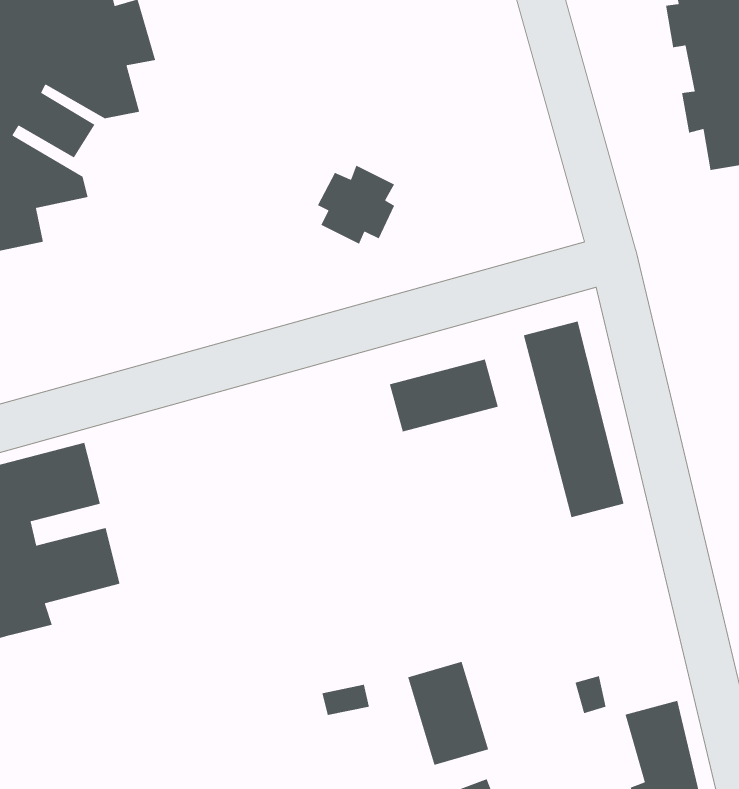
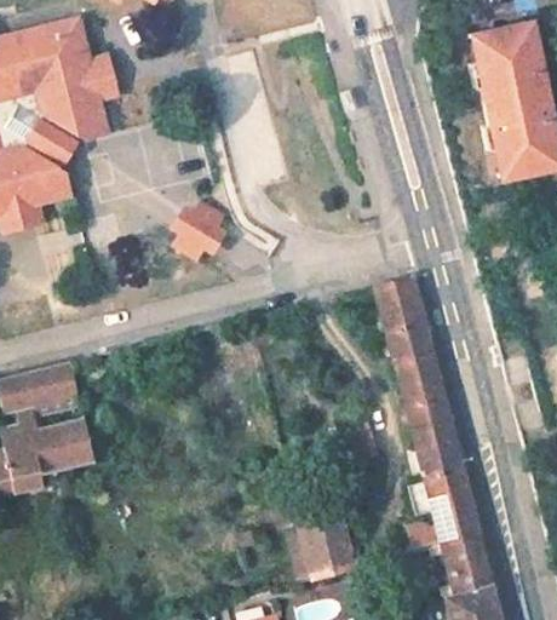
building: [317,165,395,245] -> [174,206,228,260]
building: [389,359,499,433] -> none
building: none -> [404,401,477,544]

